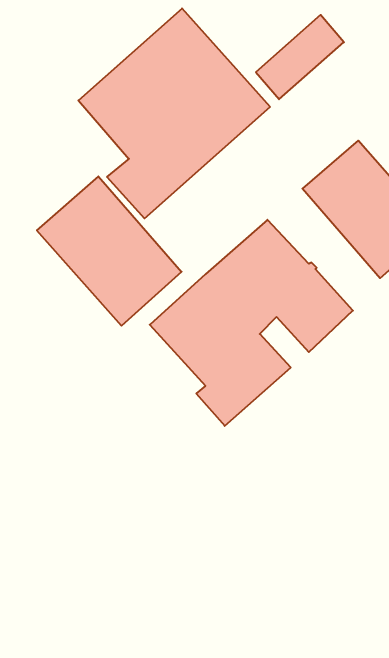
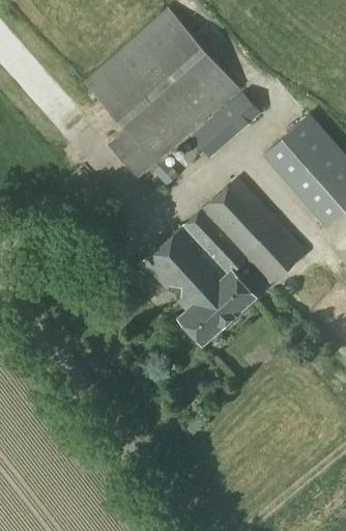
building: [256,15,344,99] -> [192,92,262,160]
building: [37,176,182,326] -> none

